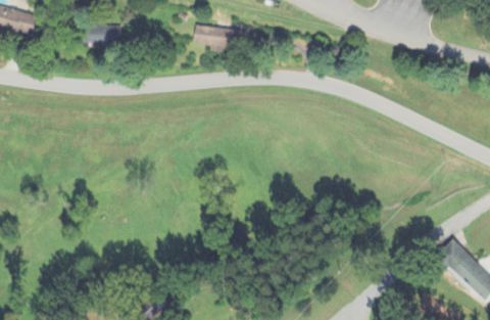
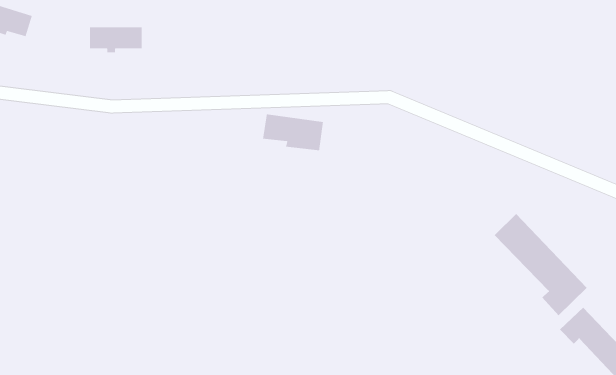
building: [186,26,233,54] -> [262,114,324,151]
building: none -> [494,213,588,316]

